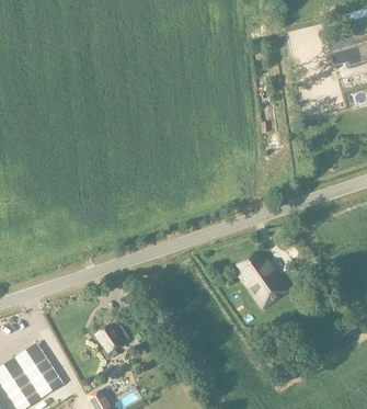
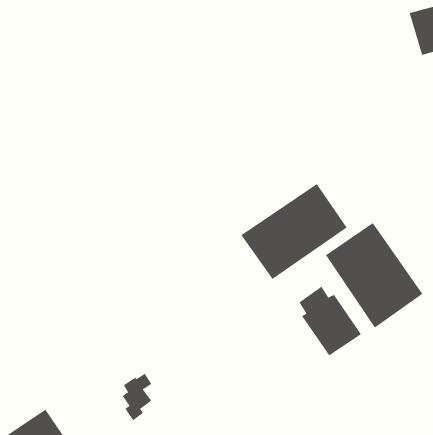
building: none -> [240,183,347,280]
building: none -> [325,222,423,328]

